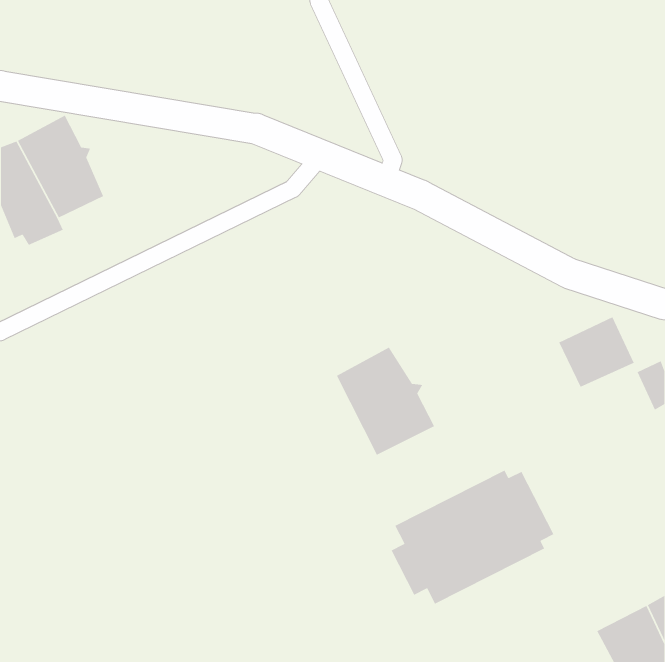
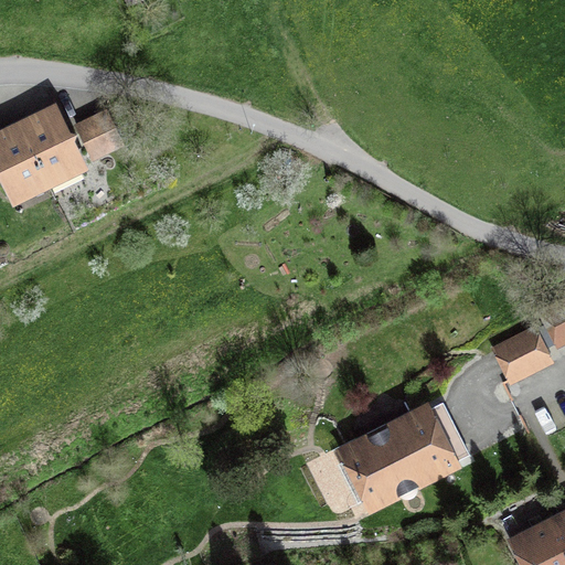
building: none -> [81,114,126,160]
building: [558,316,635,388] -> [490,326,555,386]
building: [336,346,435,456] -> none

